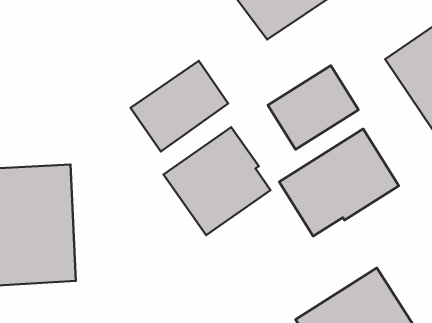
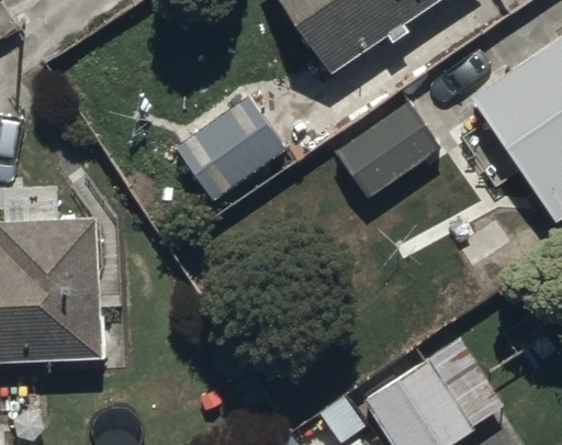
building: [163,127,270,235] -> none
building: [279,129,399,236] -> none

